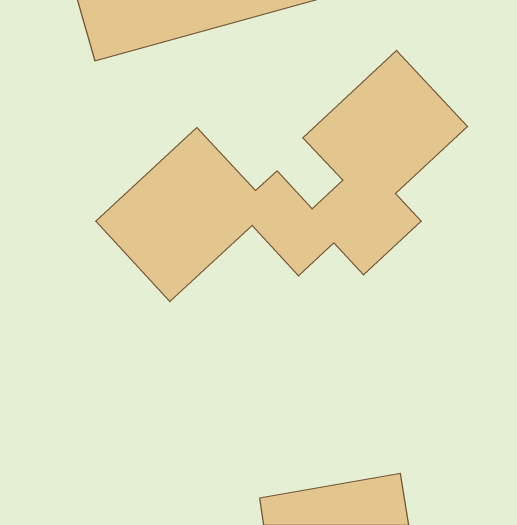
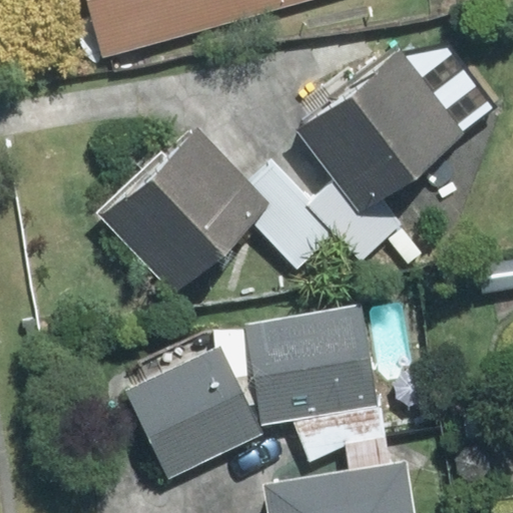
building: none -> [244,304,376,421]
building: none -> [123,350,261,484]

